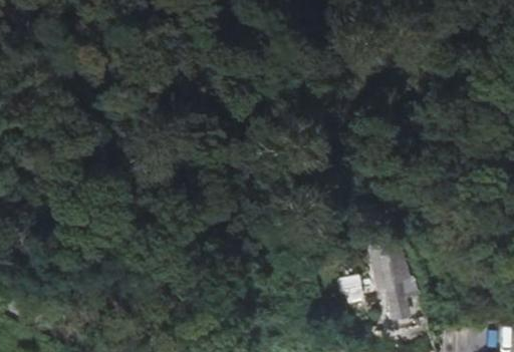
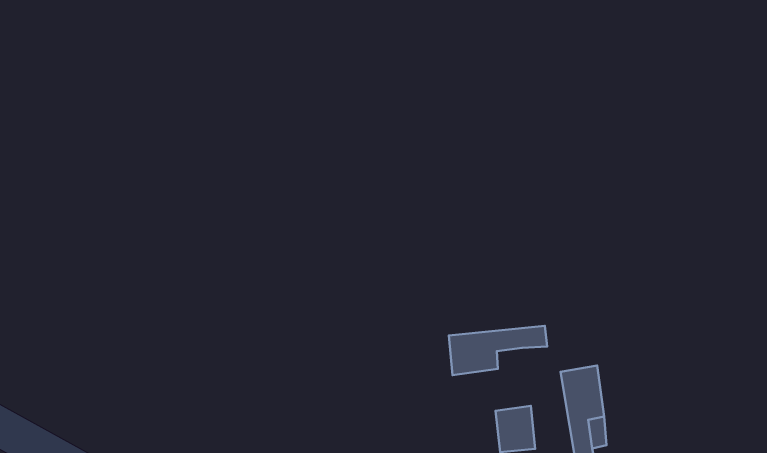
building: none -> [449,326,547,375]

